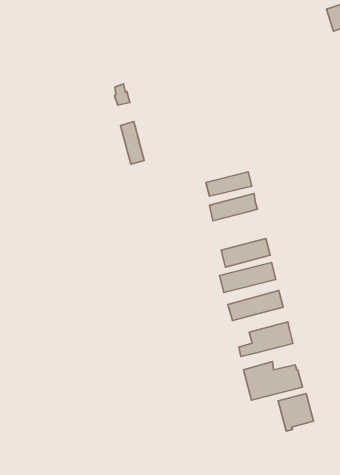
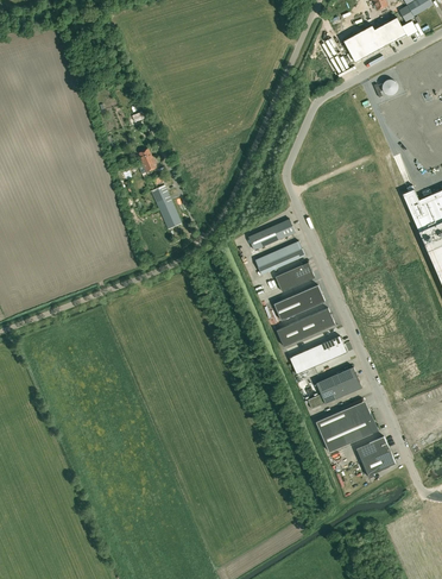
building: none -> [276,260,315,290]

